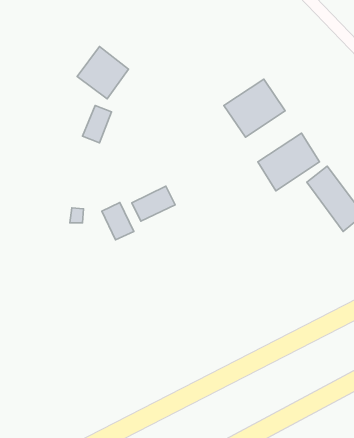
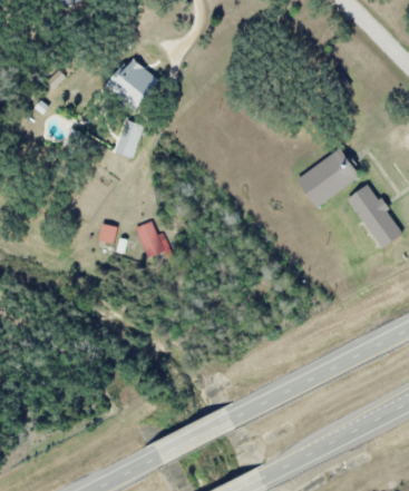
building: [224,79,285,137] -> none
building: [132,186,175,221] -> none

